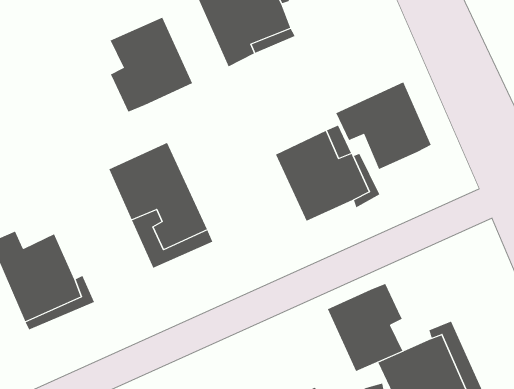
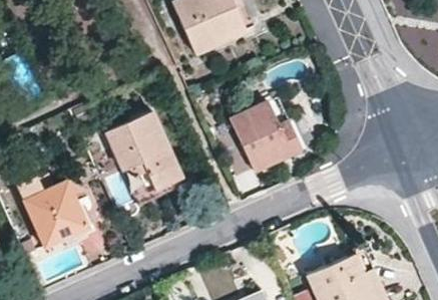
building: [110,17,193,112] -> none
building: [336,82,432,170] -> none
building: [327,283,403,372] -> none

